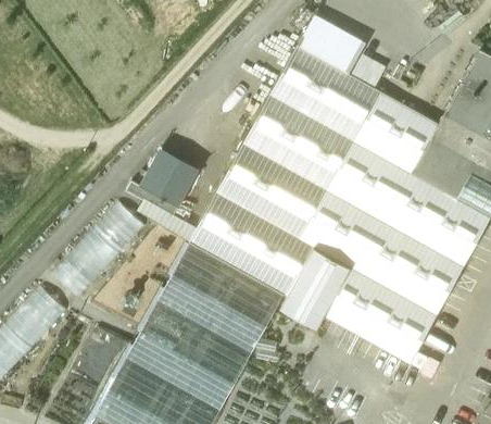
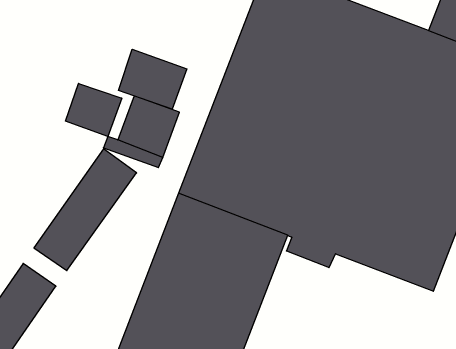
building: none -> [119,49,187,109]
building: none -> [65,83,122,136]

